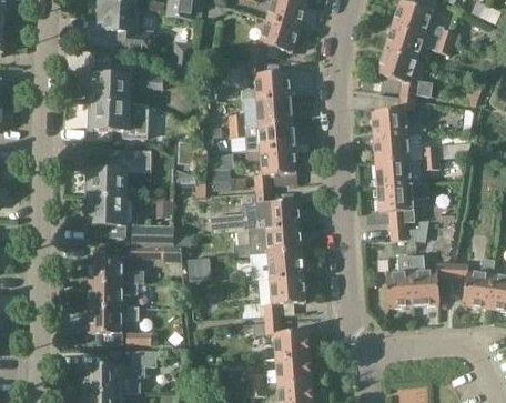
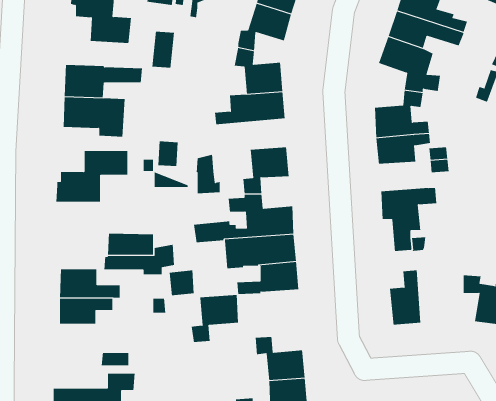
building: [230,121,294,150] -> none
building: [376,160,422,187] -> none
building: [85,197,126,238] -> none
building: [412,255,453,305] -> none
building: [263,275,306,319] -> [191,295,239,343]
building: [88,306,140,333] -> none

